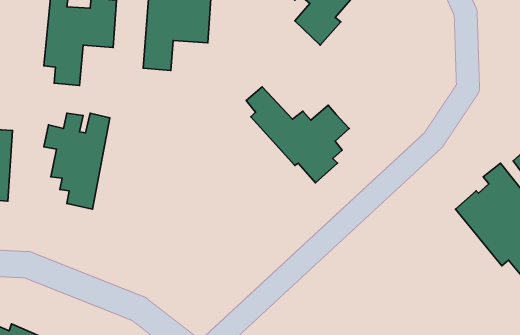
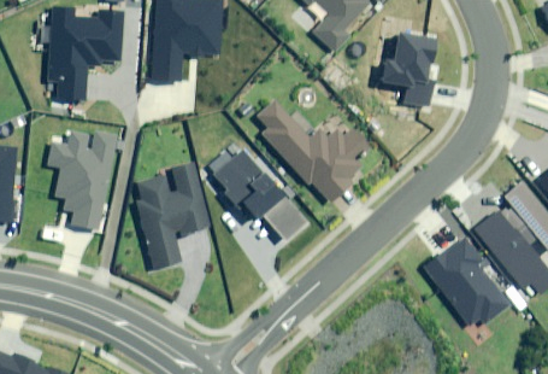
building: none -> [382,34,438,106]
building: none -> [207,141,306,239]
building: none -> [137,164,208,269]
building: none -> [424,238,509,327]

